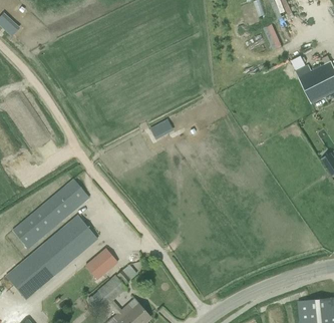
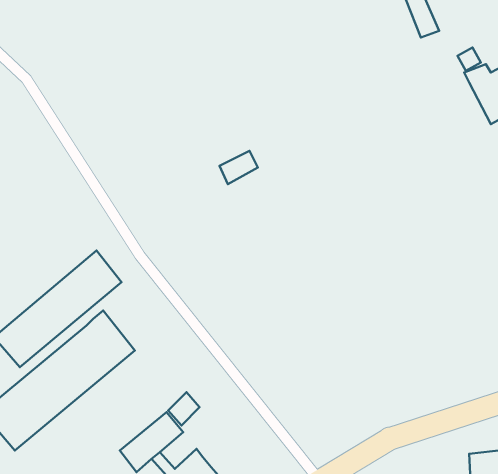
building: [86,248,117,279] -> none

